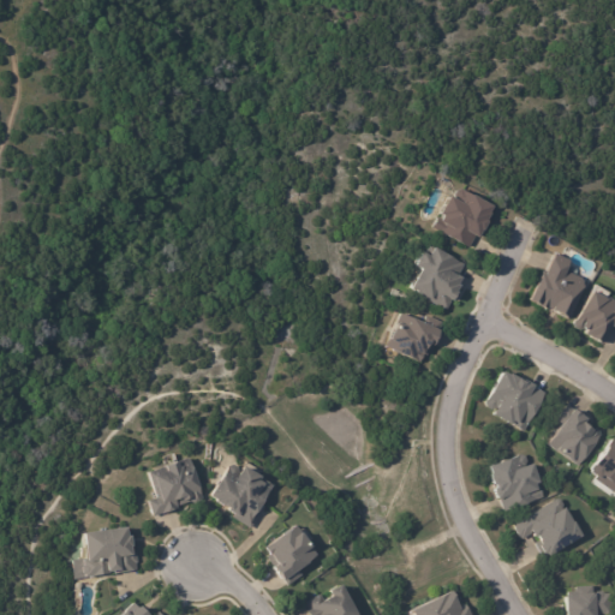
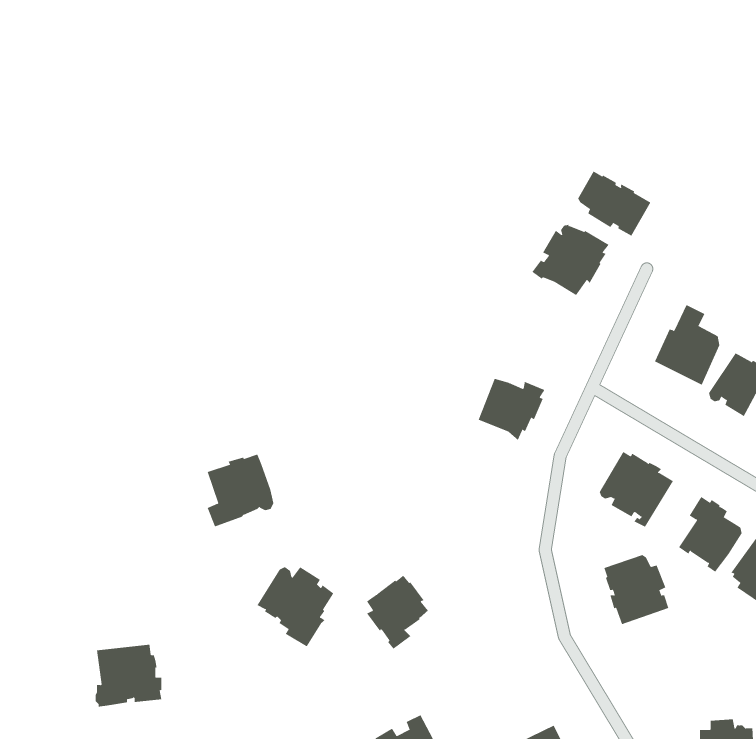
building: none -> [577,171,651,237]
building: [412,249,464,314] -> none
building: [150,456,204,515] -> [207,454,274,527]
building: [517,498,586,555] -> none
building: [268,526,318,586] -> [366,575,429,649]

